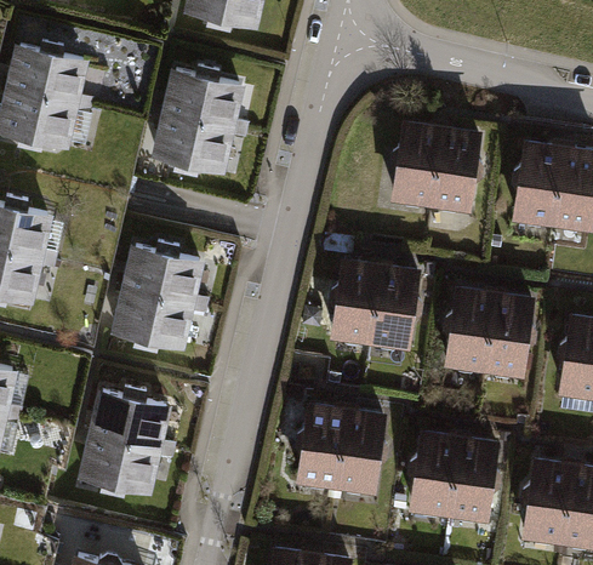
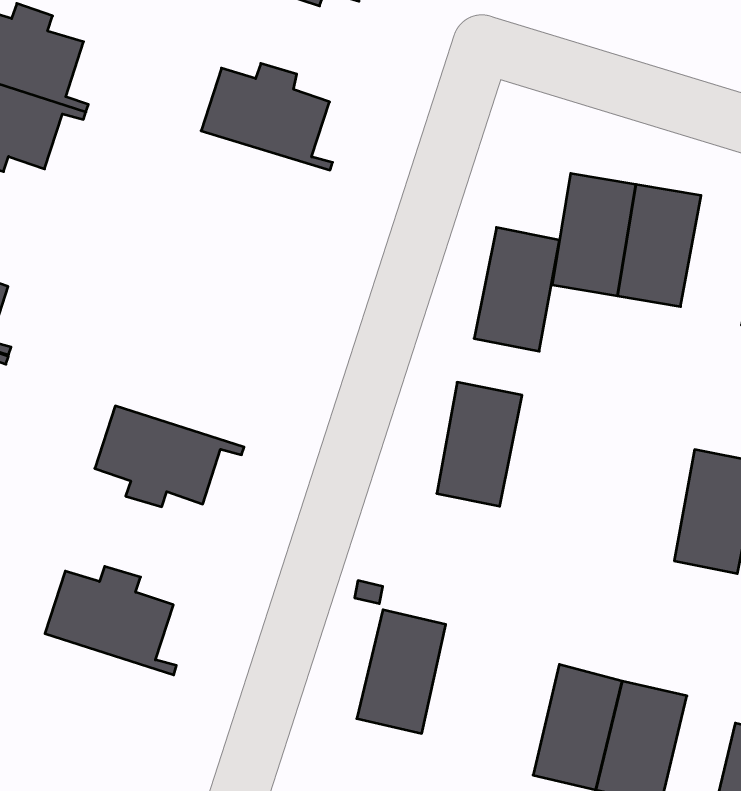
building: [156,118,249,178] -> none
building: [126,249,210,313] -> none
building: [371,267,420,342] -> [474,227,560,351]
building: [441,289,490,363] -> none
building: [333,413,384,489] -> none
building: [84,439,176,500] -> none

